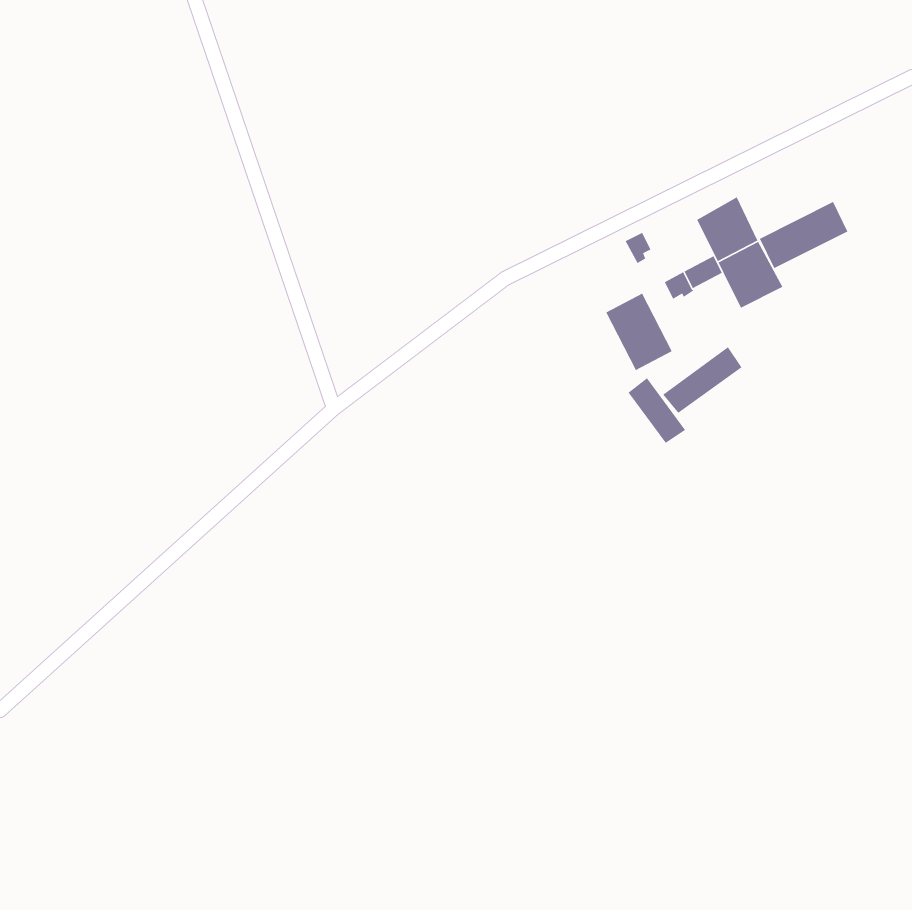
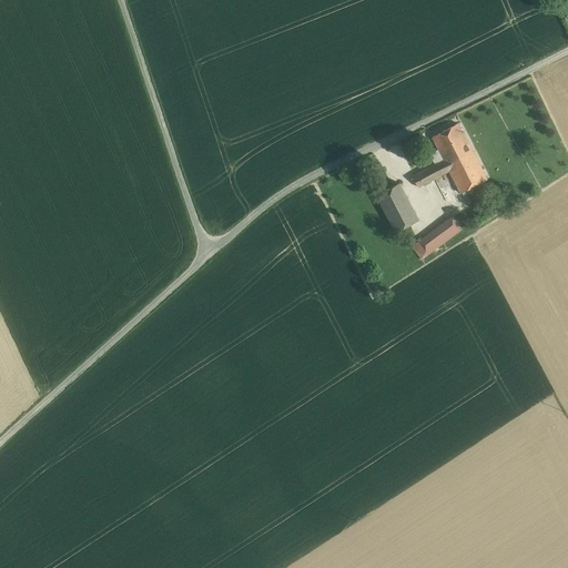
building: [759,201,848,269] -> none
building: [627,377,686,444] -> none

